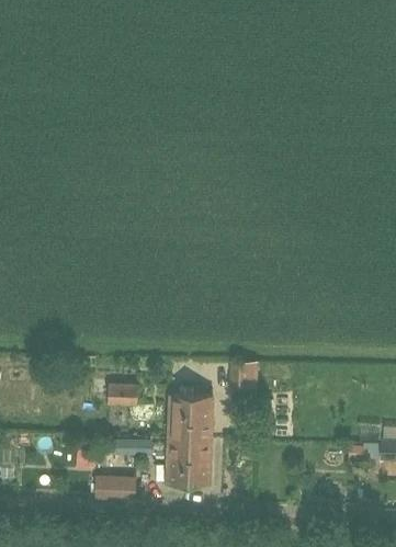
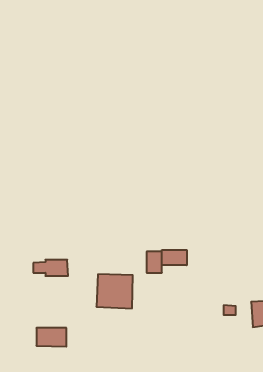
building: none -> [162,250,187,265]
building: [167,440,215,488] -> none

